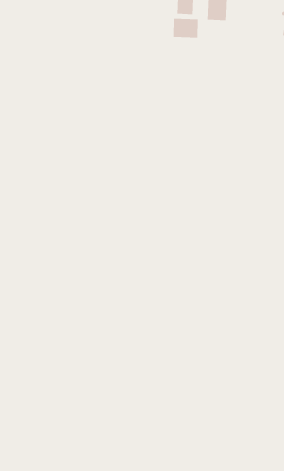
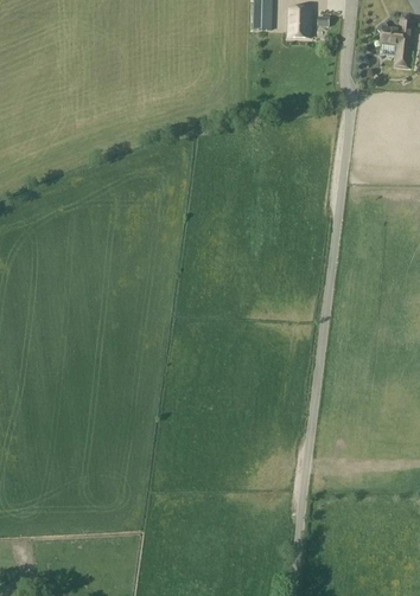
building: [173,18,198,38] -> none

